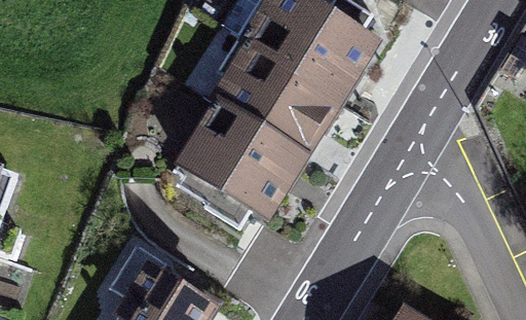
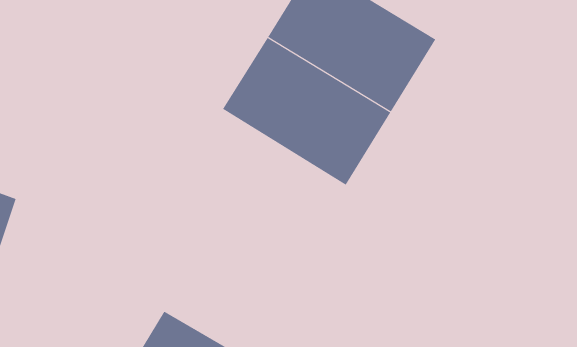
building: [163,97,306,222] -> none

